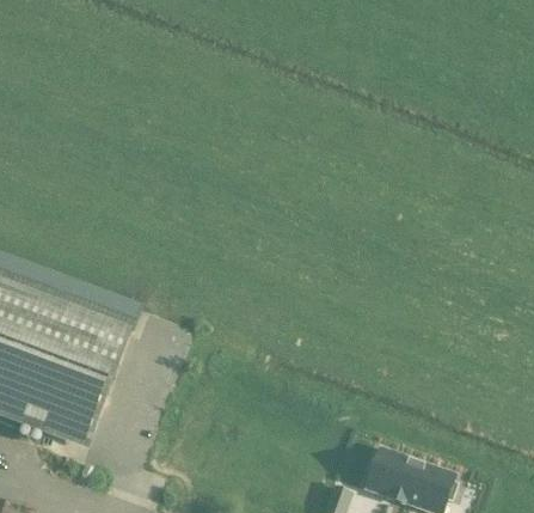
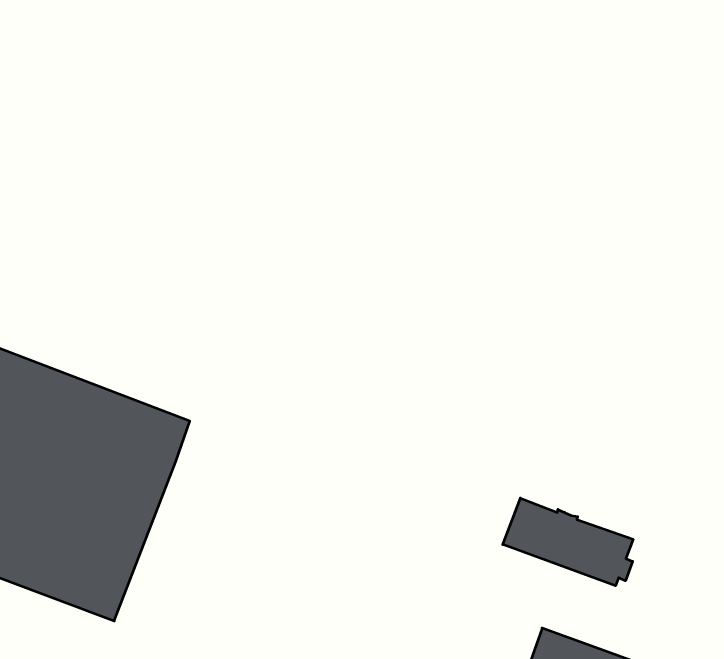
building: none -> [503,498,633,586]

